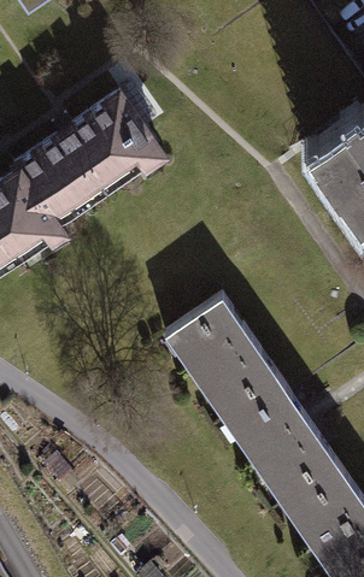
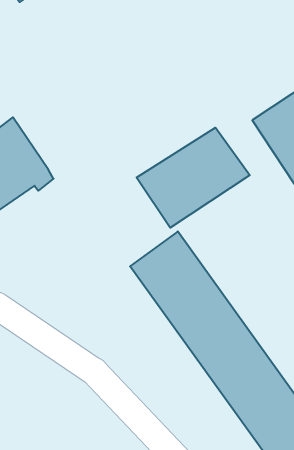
building: [18,84,169,220] -> none
building: none -> [137,128,250,228]

